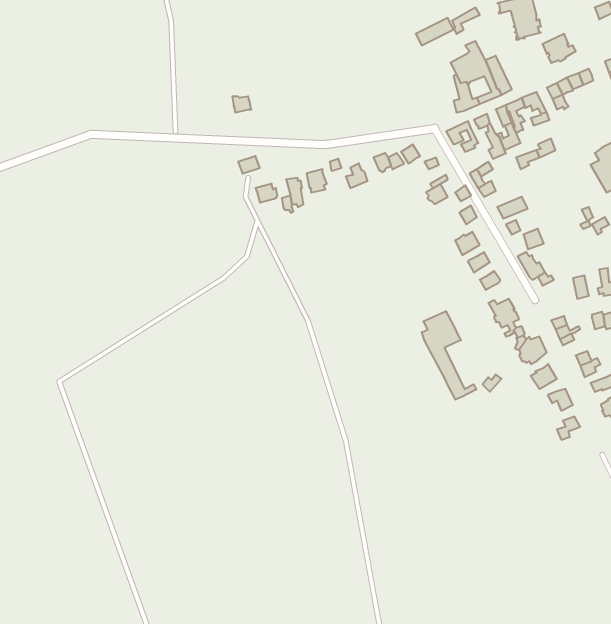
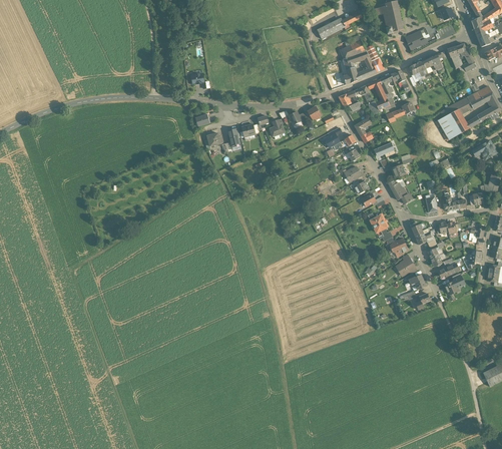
building: [422,311,476,400] -> none

